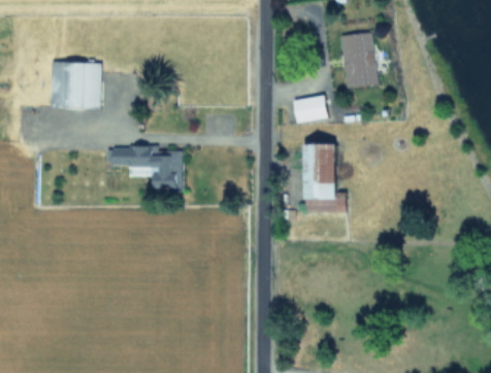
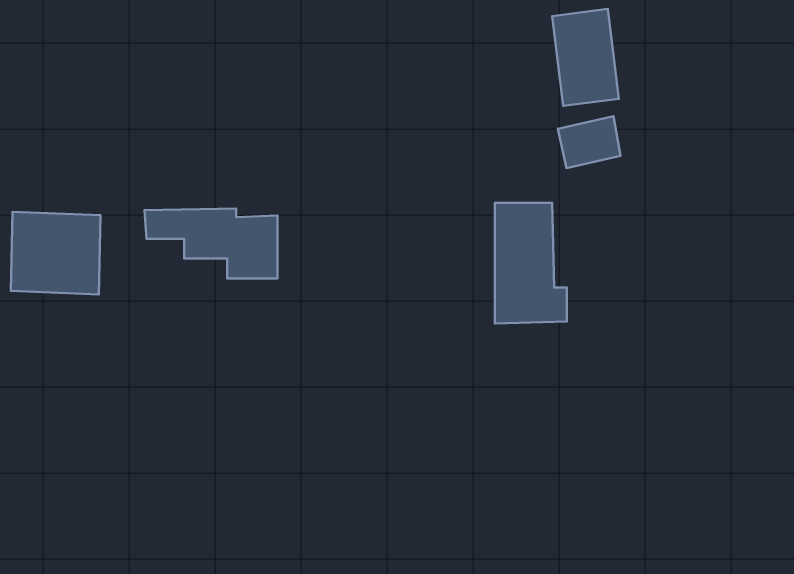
building: [48,61,100,108] -> [11,212,101,294]
building: [292,94,328,124] -> [558,116,621,168]

